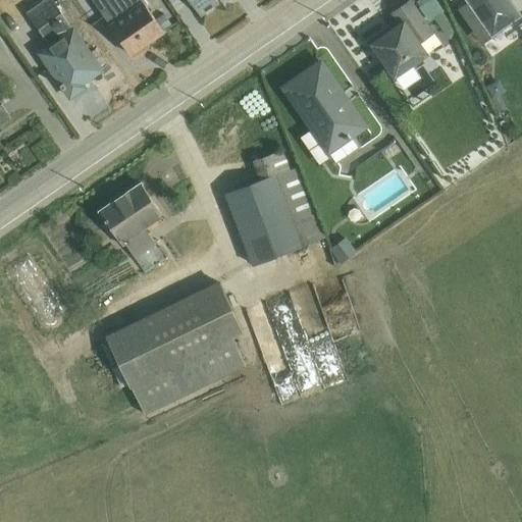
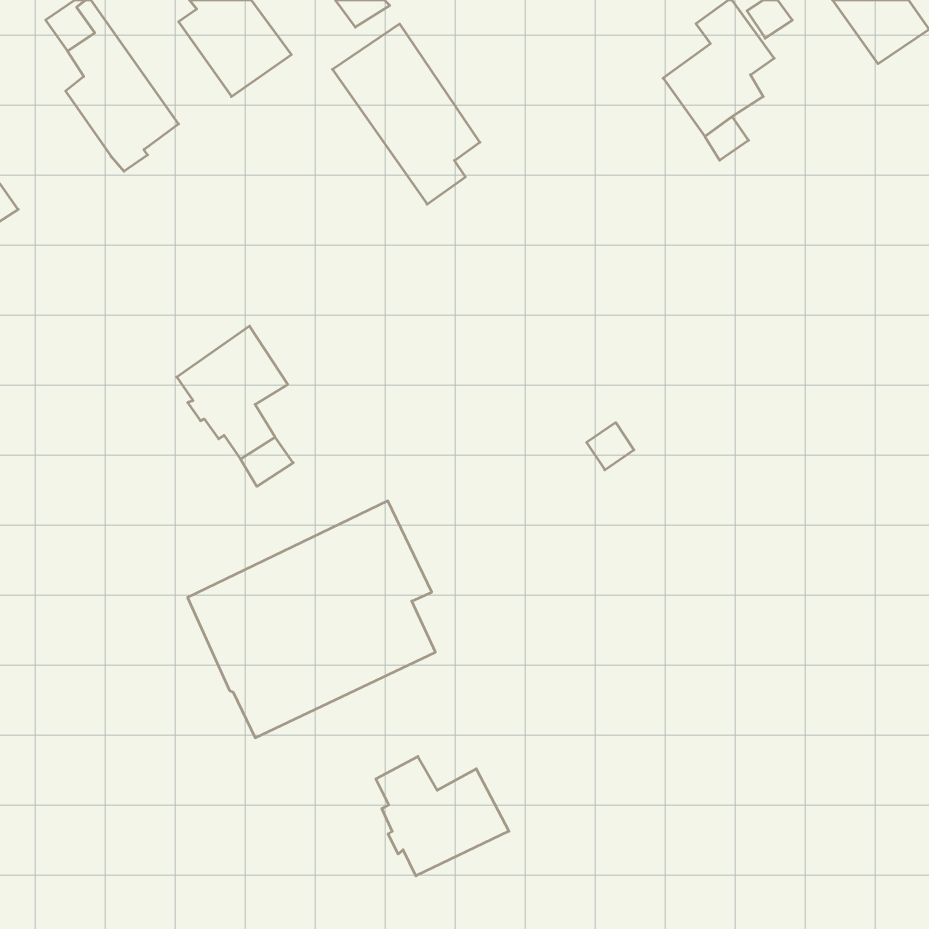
building: [282,62,365,163] -> [332,24,480,204]
building: [225,151,323,265] -> none
building: none -> [376,756,509,876]

